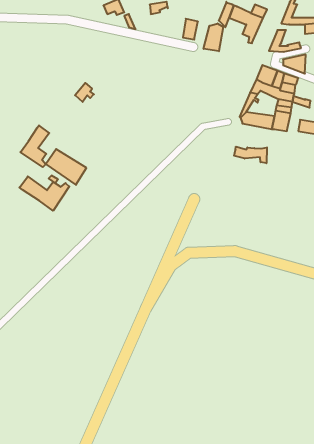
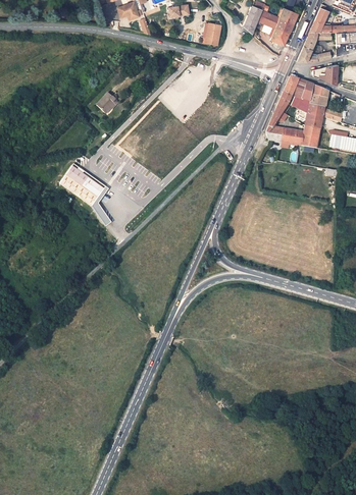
building: [204,23,223,51] -> none
building: [20,125,49,167] -> none
building: [234,147,267,163] -> none
building: [19,176,69,211] -> none

